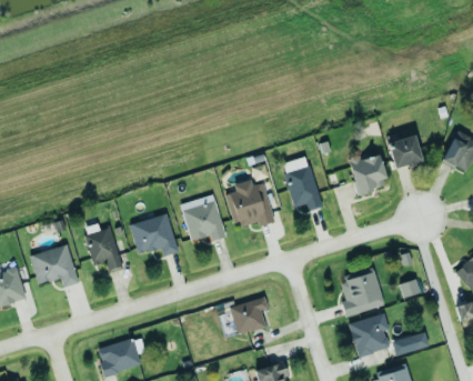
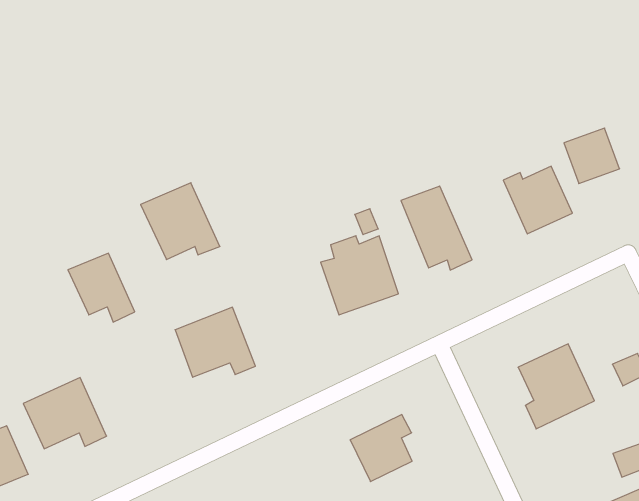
building: [180,194,225,240] -> [141,183,220,260]
building: [84,228,122,271] -> [68,253,135,322]
building: [348,312,390,357] -> none

